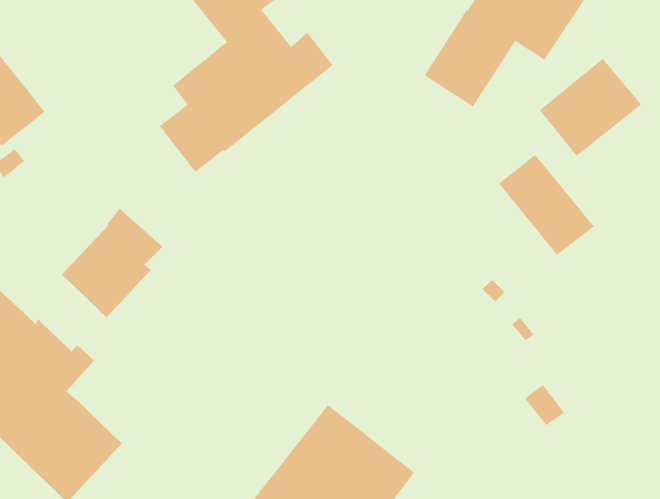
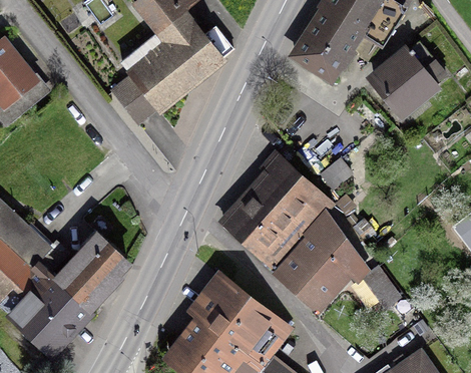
building: [498,154,595,256] -> none
building: [61,208,163,318] -> [55,233,125,309]
building: none -> [222,158,351,309]

